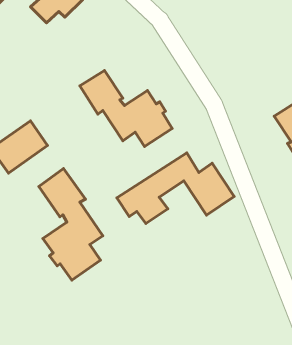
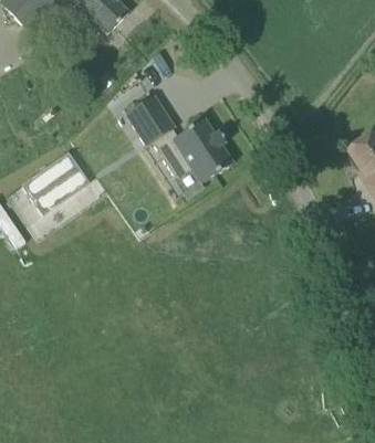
building: [117,153,234,223] -> none
building: [39,168,103,280] -> none

